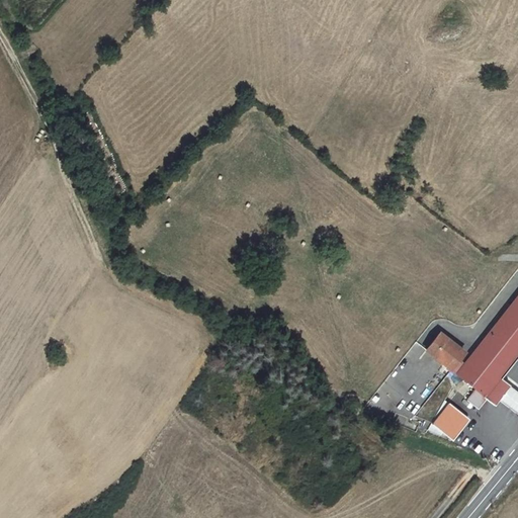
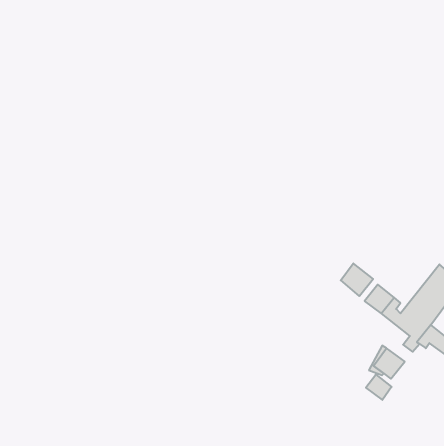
building: none -> [341,263,373,296]
building: none -> [366,374,392,400]

